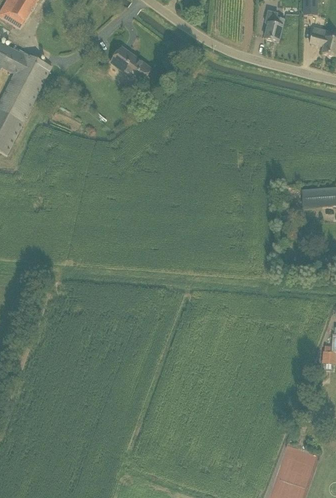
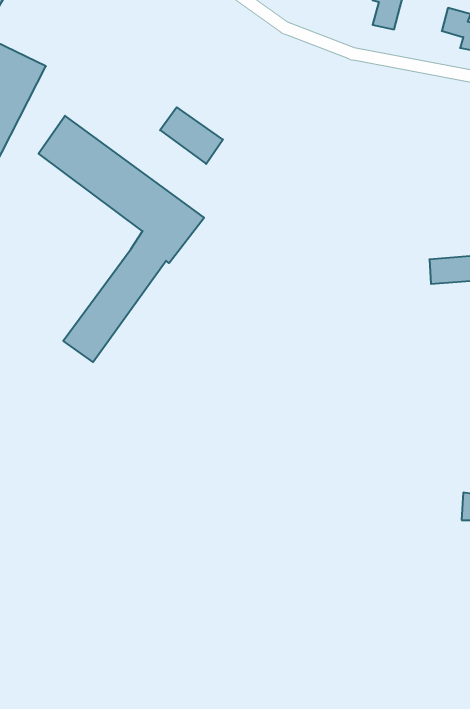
building: [110,46,151,83] -> [160,107,223,164]
building: none -> [39,116,204,362]

